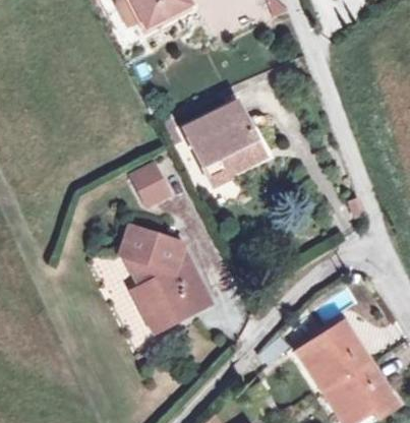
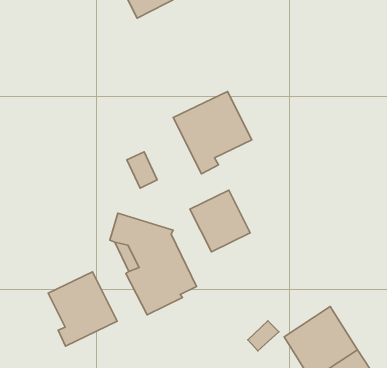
building: none -> [190,190,250,252]
building: none -> [48,272,117,346]

